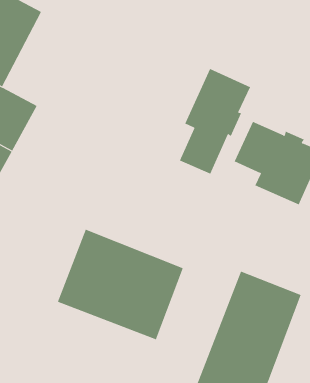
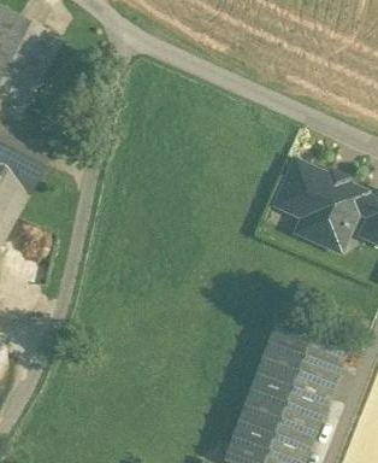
building: [179,68,251,175] -> none
building: [57,229,184,340] -> none

